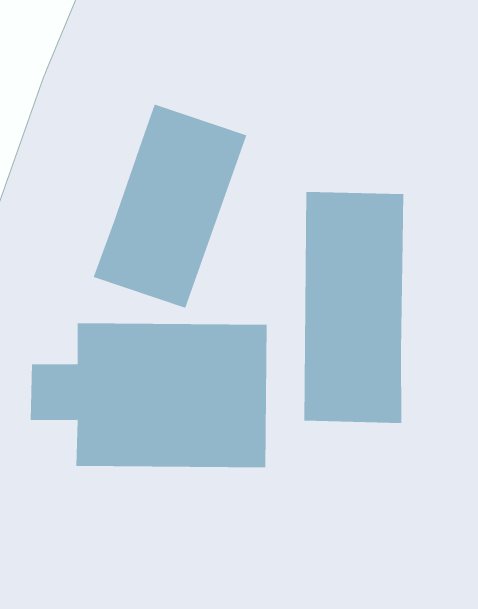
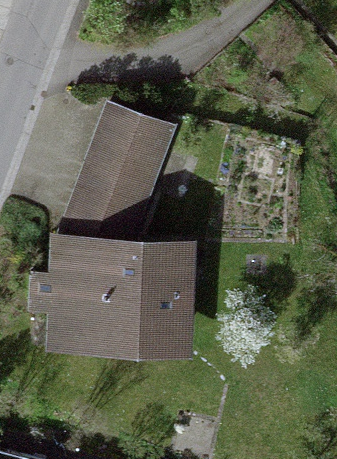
building: [304,191,404,424] -> none

